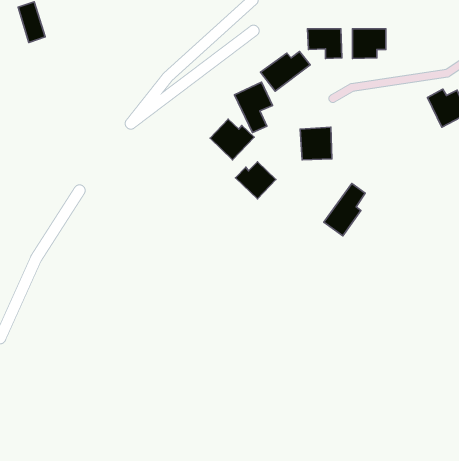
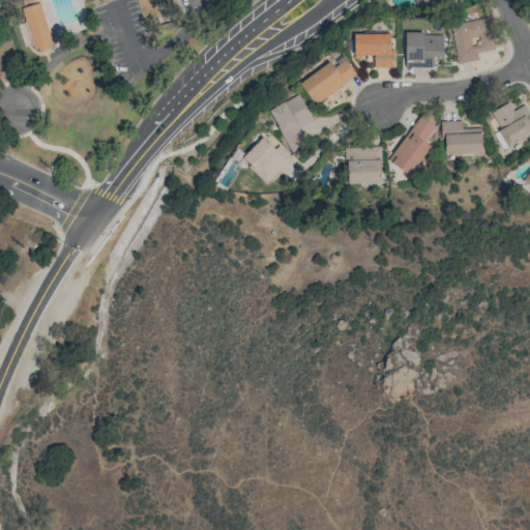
building: none -> [452,18,496,64]
building: none -> [442,120,483,154]
building: [235,162,276,199] -> none
building: [324,183,365,236] -> [389,115,437,175]

